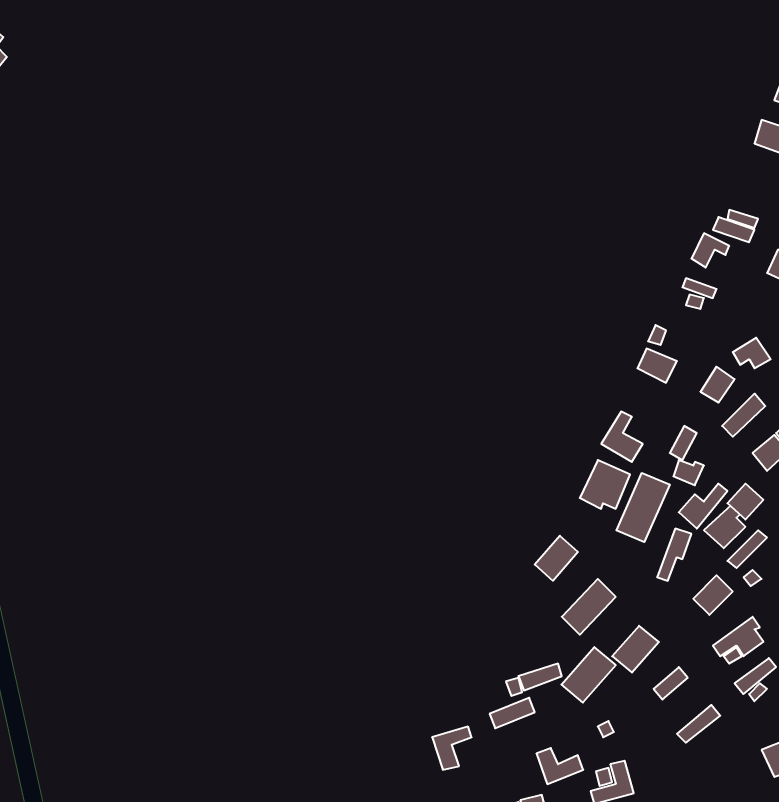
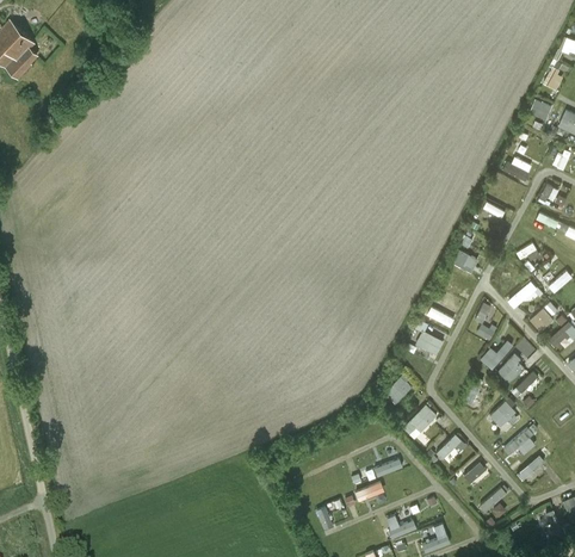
building: [616,473,670,542] -> none
building: [561,647,616,703] -> none

